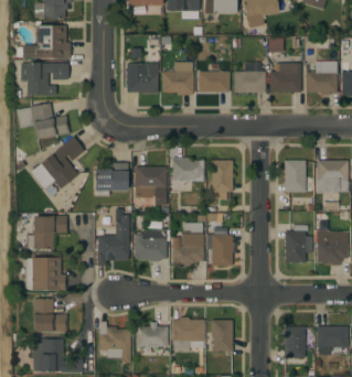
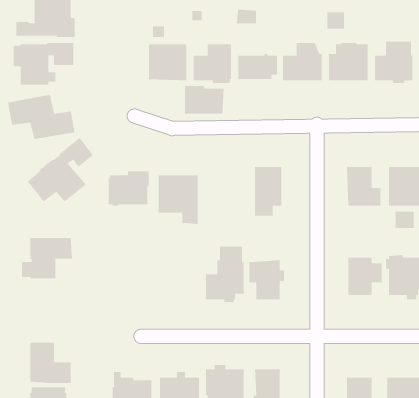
building: [172,158,204,181] -> [184,85,224,114]
building: [97,215,129,266] -> none
building: [135,230,167,261] -> none
building: [24,258,66,290] -> none

